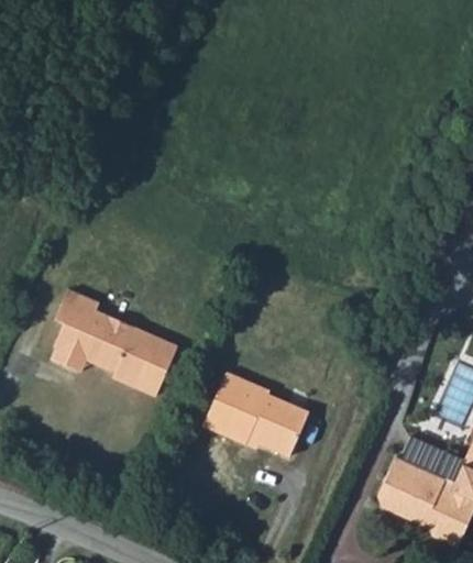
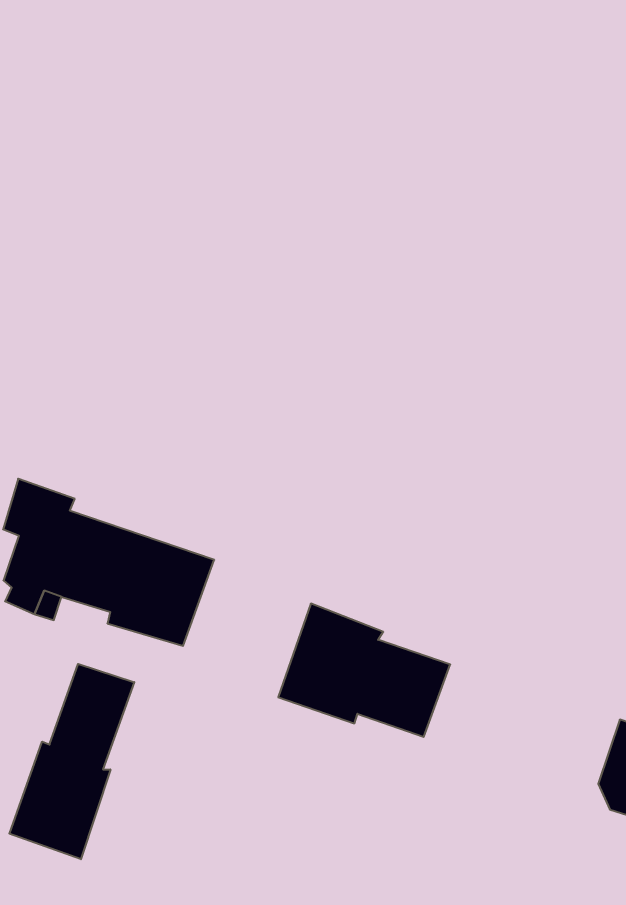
building: none -> [9,664,134,859]

